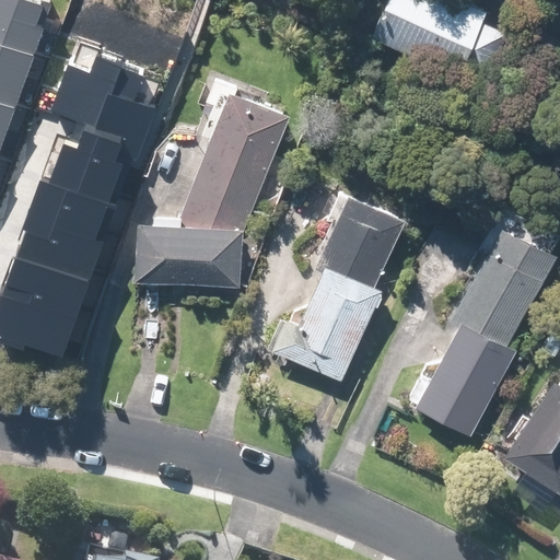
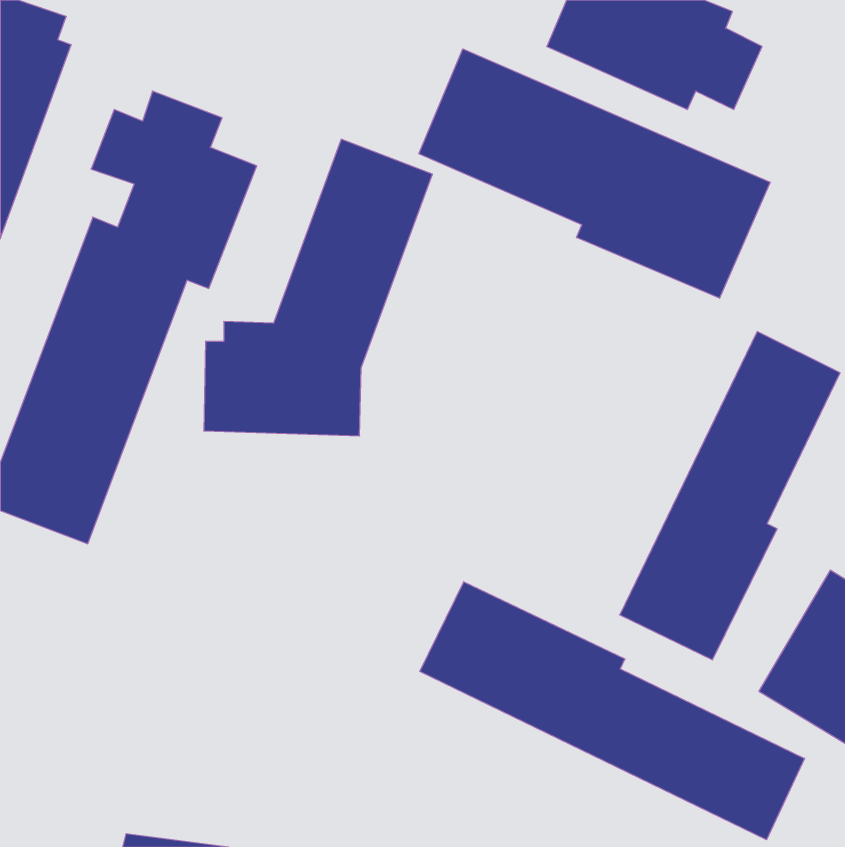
building: none -> [419,49,770,298]
building: [272,191,401,382] -> none
building: none -> [420,582,805,840]

